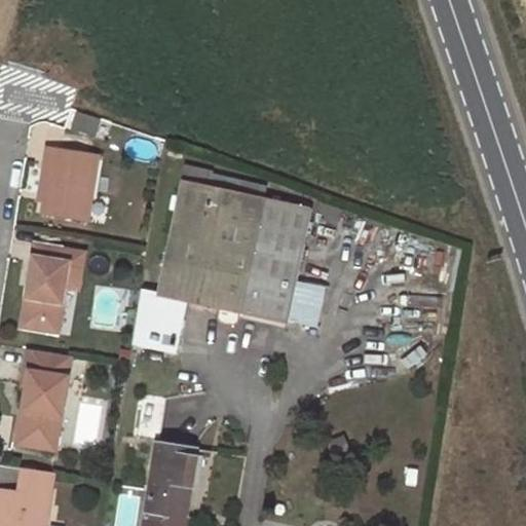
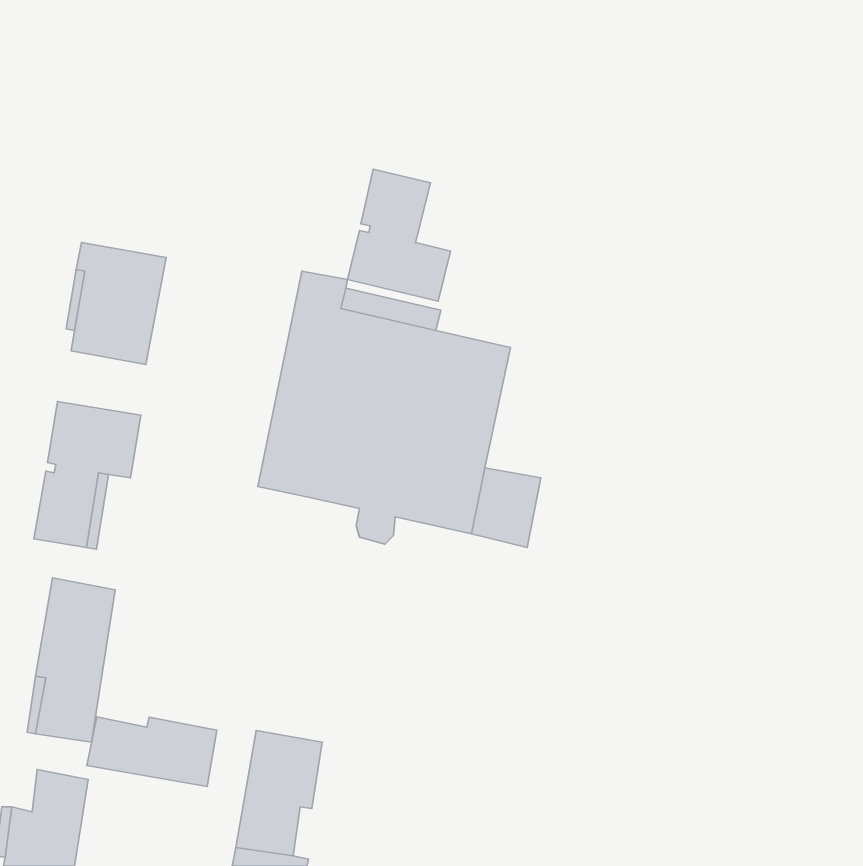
building: none -> [348,169,451,301]
building: [133,292,185,347] -> none
building: none -> [87,717,217,787]

